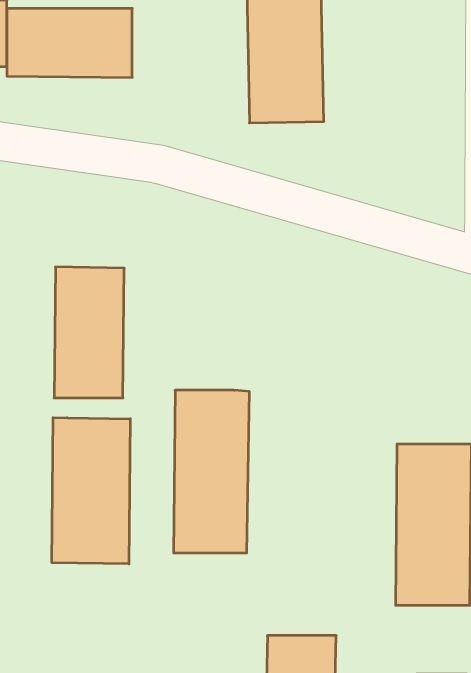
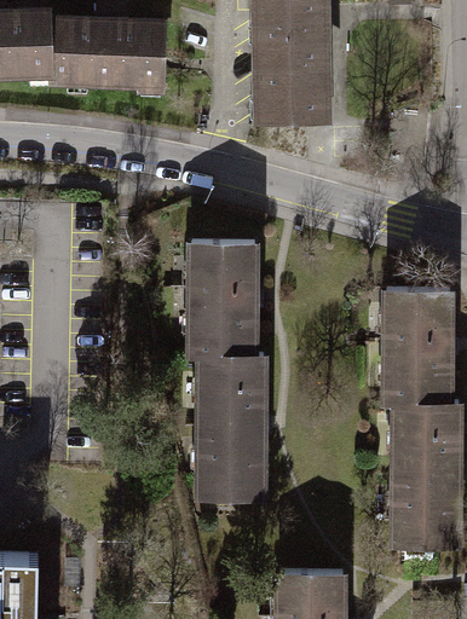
building: [54,267,124,398] -> [190,243,252,358]
building: none -> [386,290,448,405]
building: [52,418,130,564] -> none

